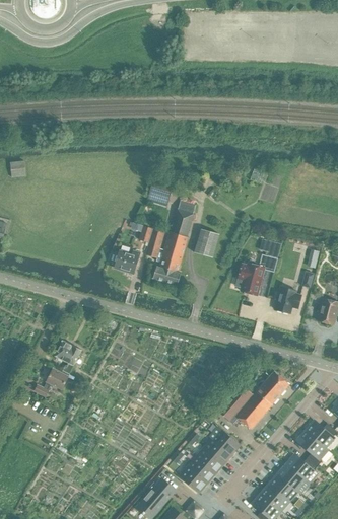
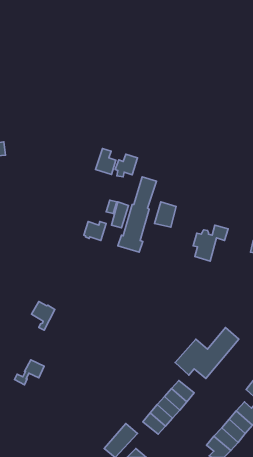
building: none -> [96,149,116,174]
building: [274,286,300,313] -> none
building: [35,368,68,396] -> [15,360,44,385]

